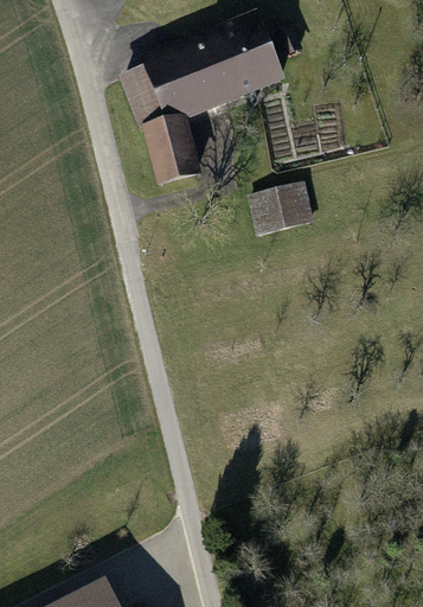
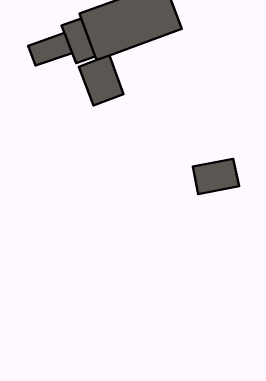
building: none -> [28,33,72,65]
building: [249,181,313,230] -> [193,159,239,194]

